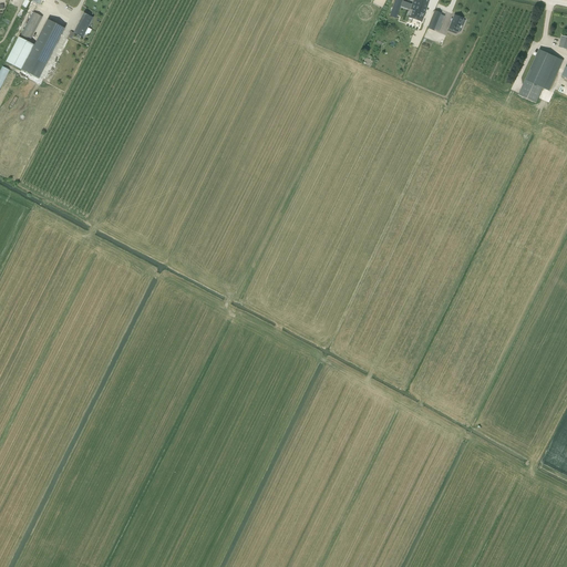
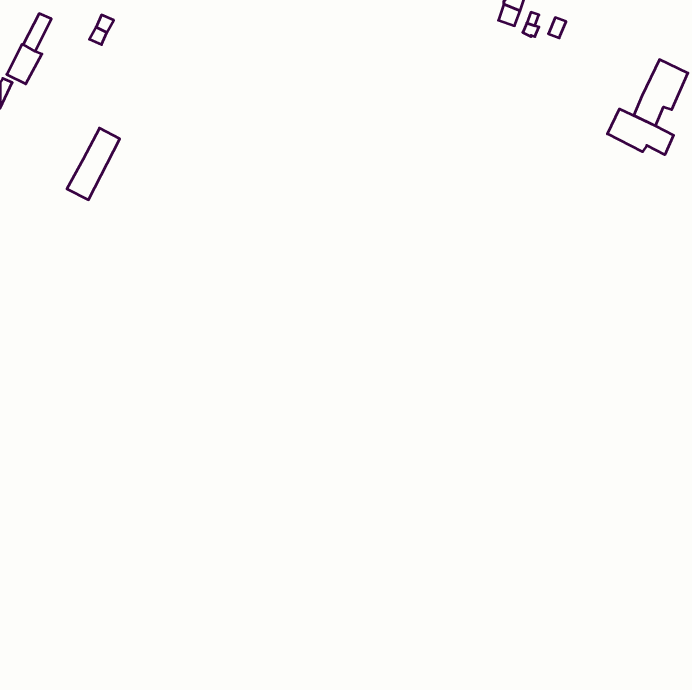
building: [21,19,64,78] -> [67,128,120,200]
building: none -> [607,109,674,155]

